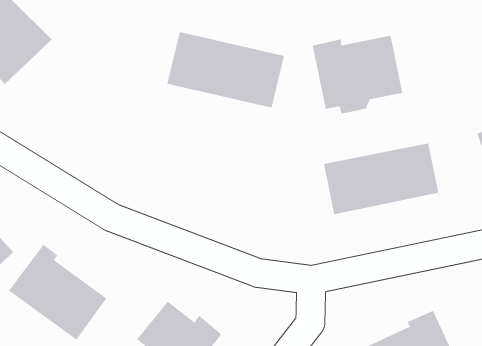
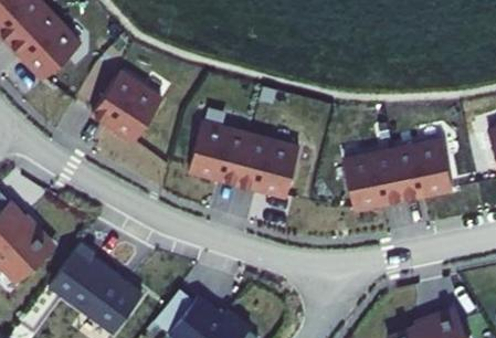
building: [166,31,285,108] -> [188,126,300,199]
building: [312,35,403,115] -> none
building: none -> [91,76,162,148]

